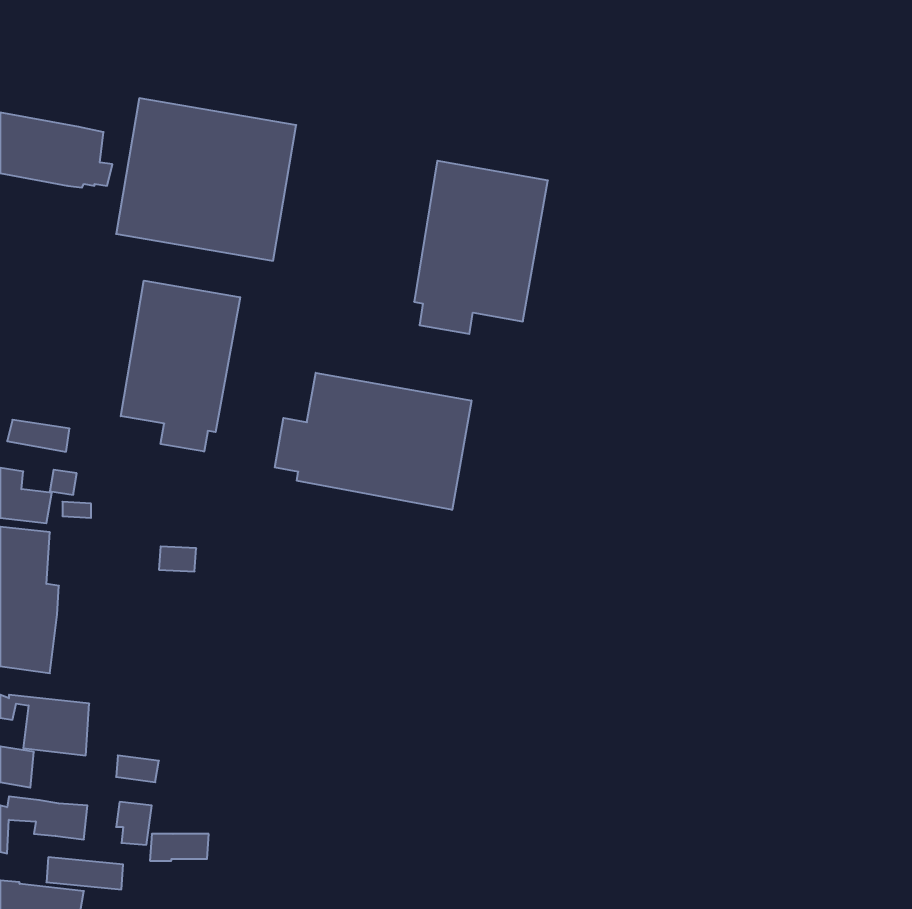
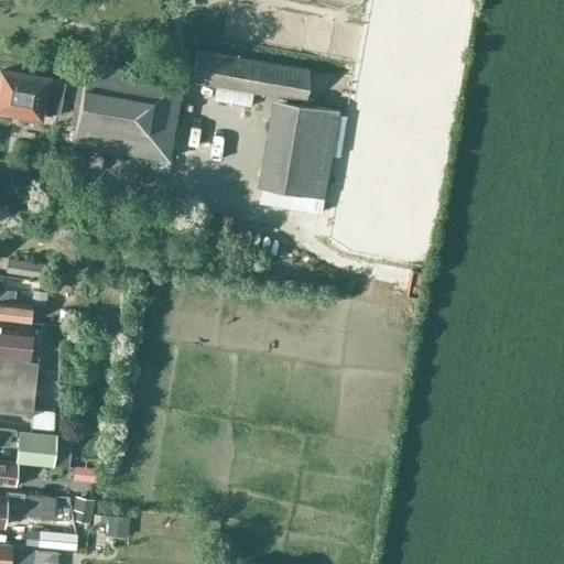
building: none -> [189,52,311,105]
building: [121,281,240,452] -> none
building: [275,373,471,510] -> none

